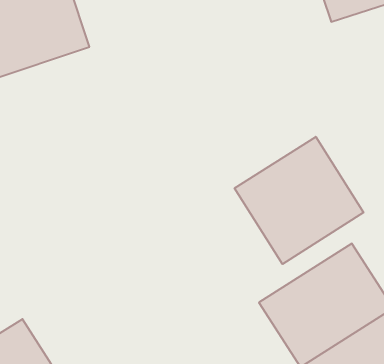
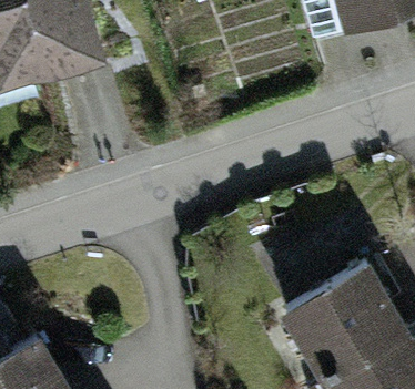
building: [235,137,363,264] -> none

